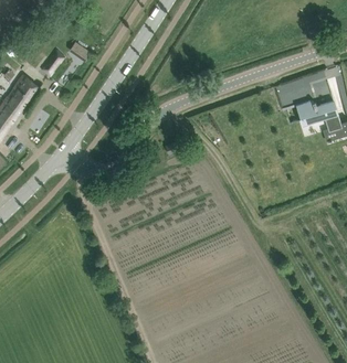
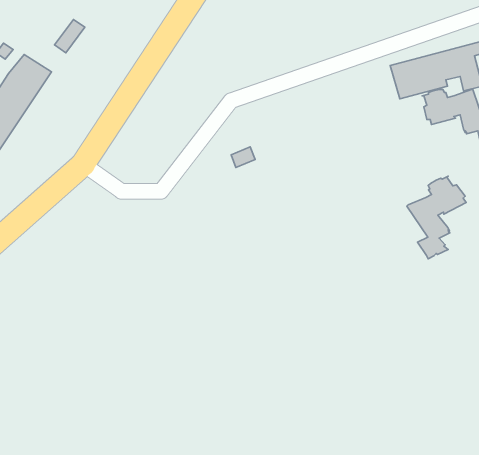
building: none -> [407,176,466,259]

